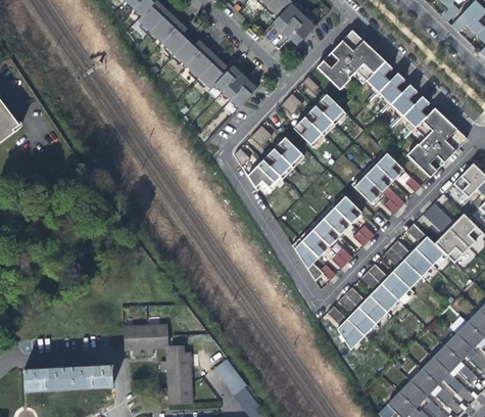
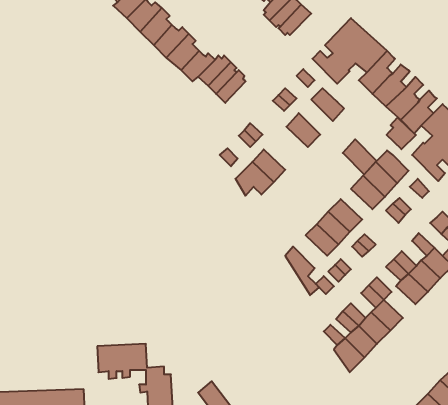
building: [304,103,335,135] -> [343,139,377,174]
building: none -> [387,118,416,149]
building: [273,137,303,167] -> none
building: [299,226,330,256] -> none
building: [381,272,409,300] -> none

